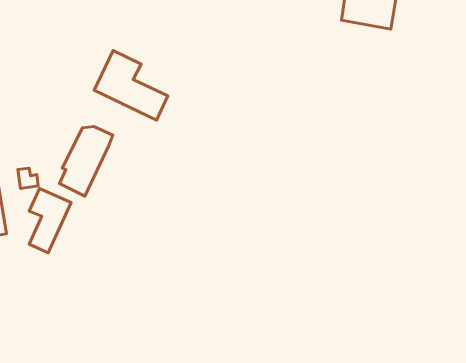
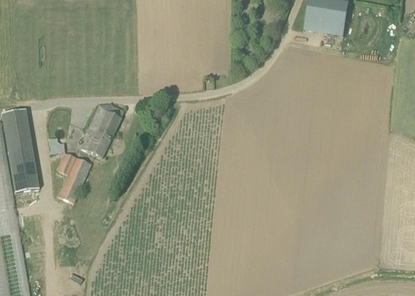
building: [94,51,168,120] -> none

